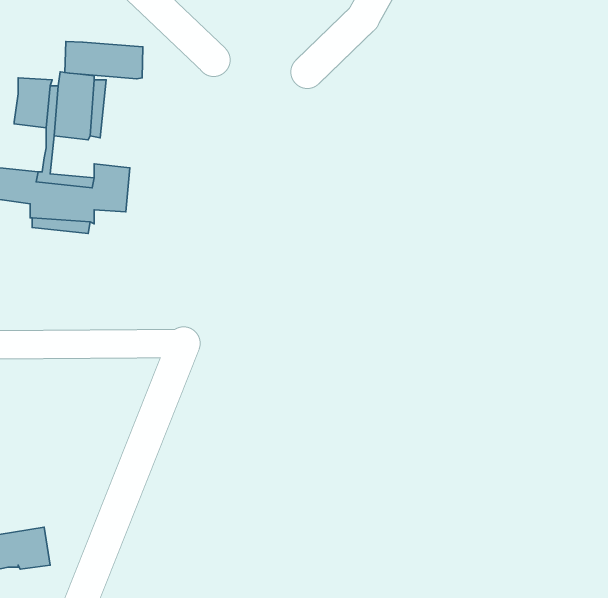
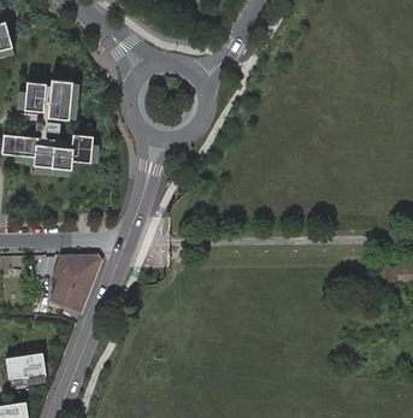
building: [65,41,143,79] -> none
building: none -> [49,255,100,313]

